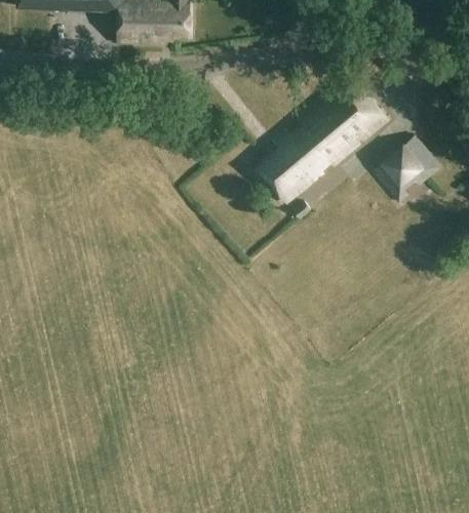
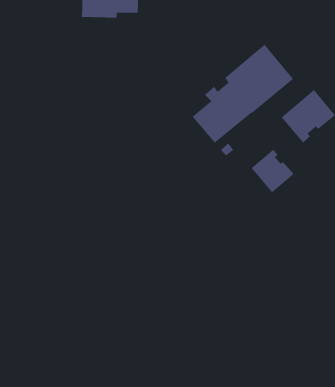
building: none -> [251,149,294,193]

